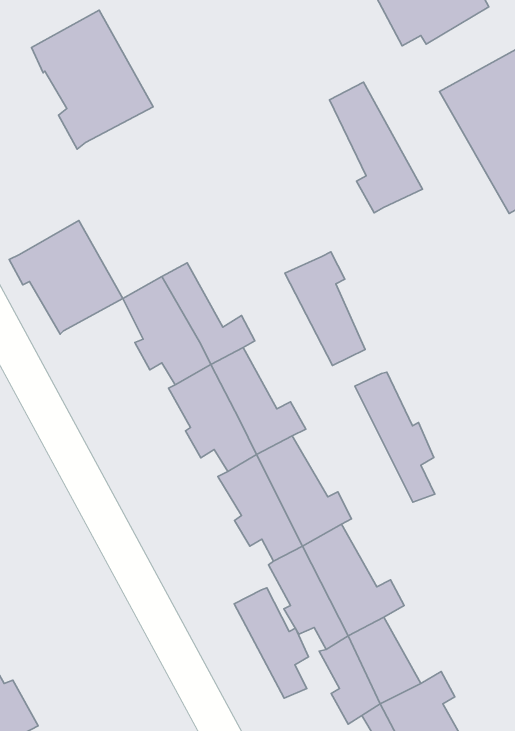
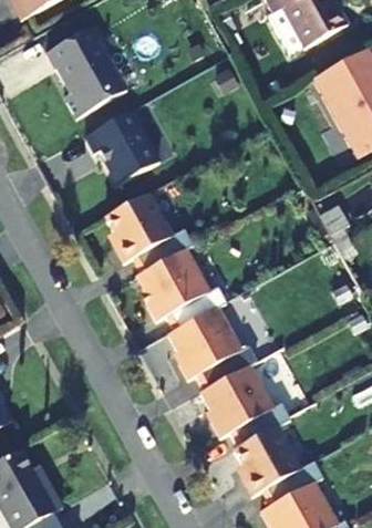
building: [329,82,423,213] -> none
building: [9,220,123,334] -> [85,111,159,185]
building: [285,252,365,365] -> none
building: [355,372,435,502] -> none
building: [234,588,308,698] -> none

